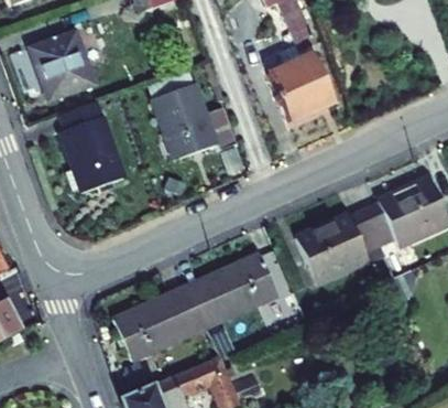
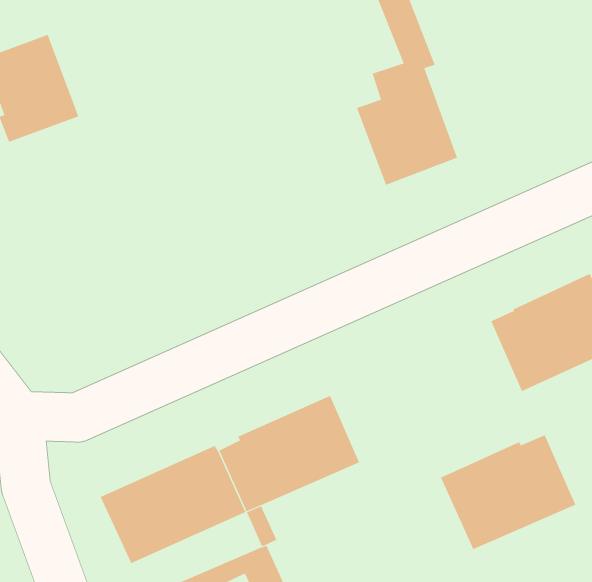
building: [150,86,233,162] -> none
building: [57,98,125,190] -> none
building: [291,211,378,284] -> [440,434,576,550]

